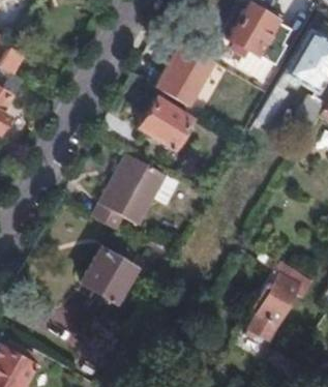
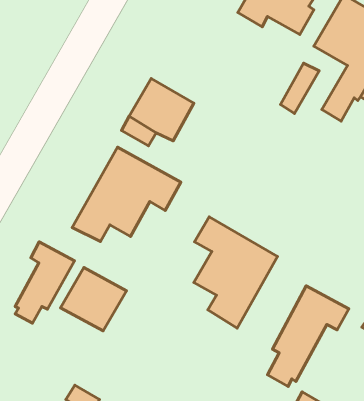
building: [155,43,212,106] -> none
building: none -> [194,217,278,328]
building: none -> [15,242,74,323]

